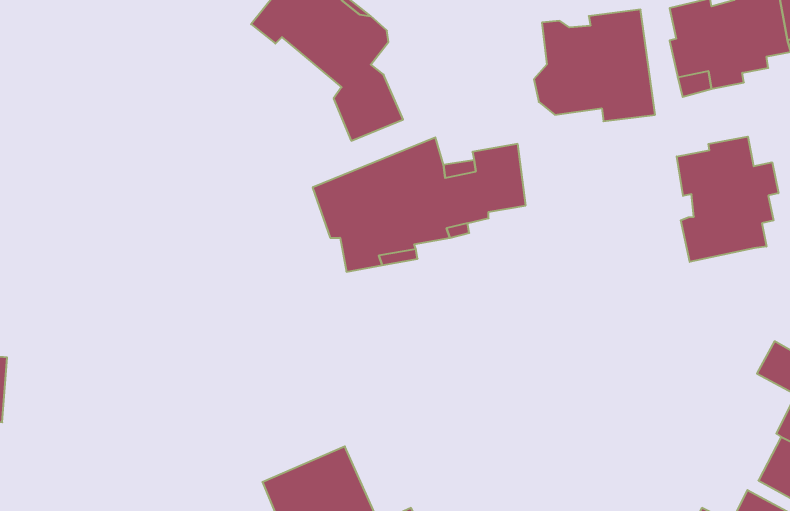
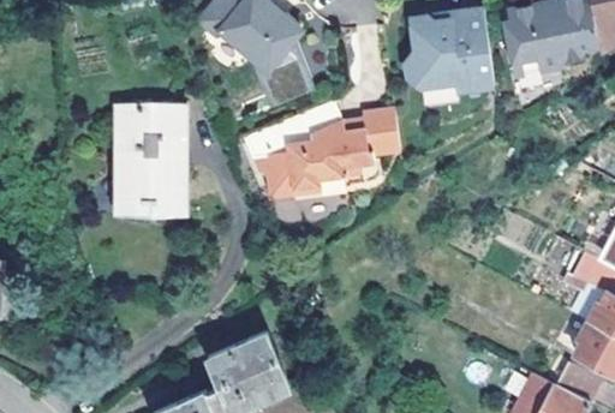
building: [677,137,778,262] -> none
building: none -> [113,109,184,206]

